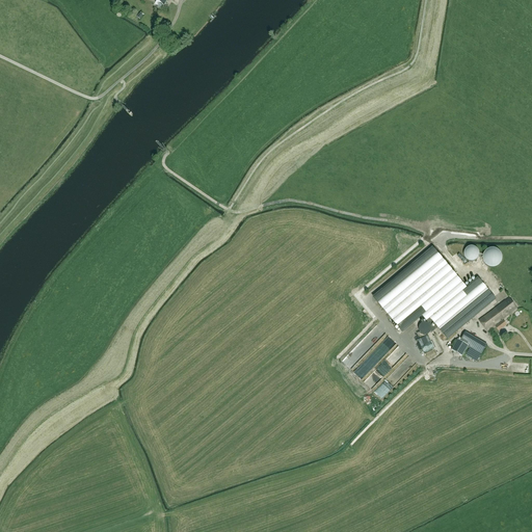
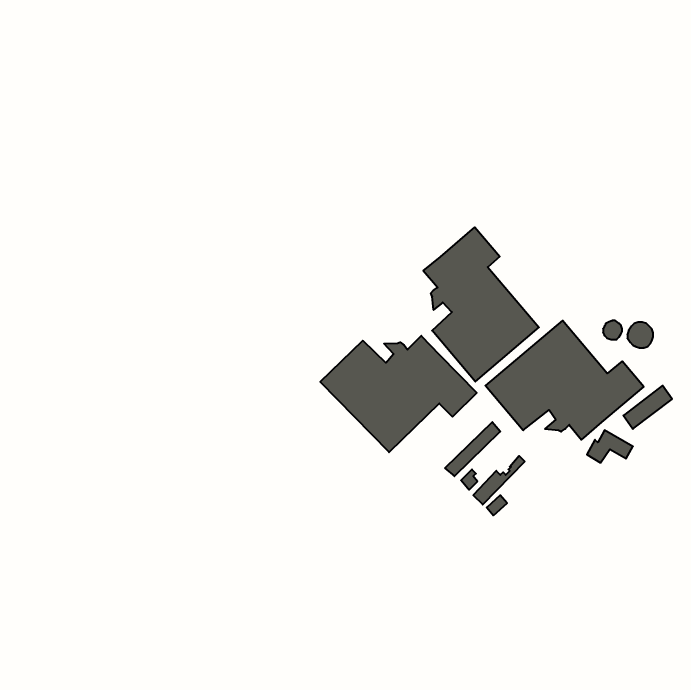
building: none -> [423,227,539,382]
building: none -> [320,336,477,452]

